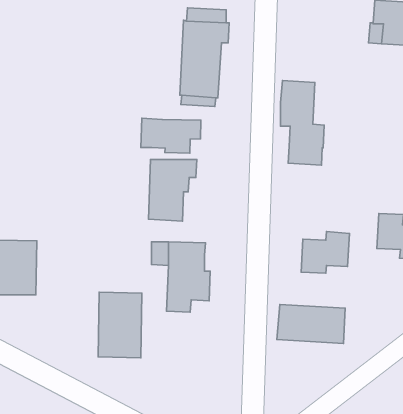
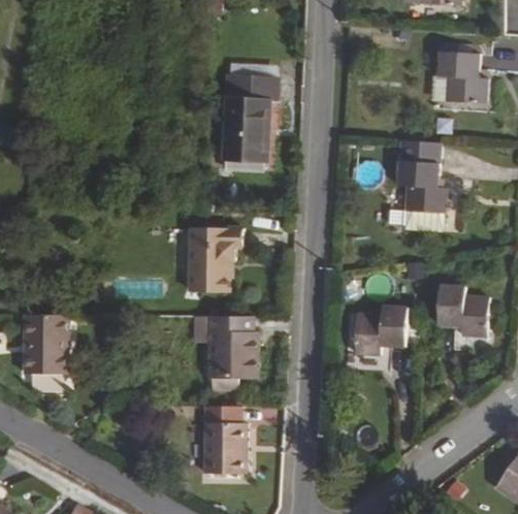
building: [281,81,324,165] -> [396,140,444,232]
building: [141,118,201,153] -> none
building: [98,292,142,358] -> [204,401,252,473]
building: [277,304,345,343] -> none

